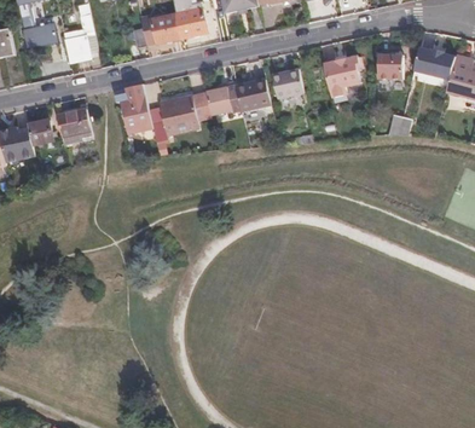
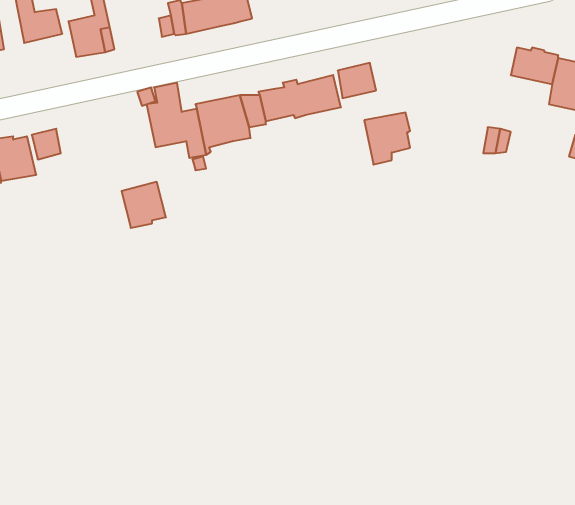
building: [326,54,363,96] -> [364,113,410,165]
building: [378,56,404,79] -> none
building: [59,106,94,143] -> [122,182,166,228]

